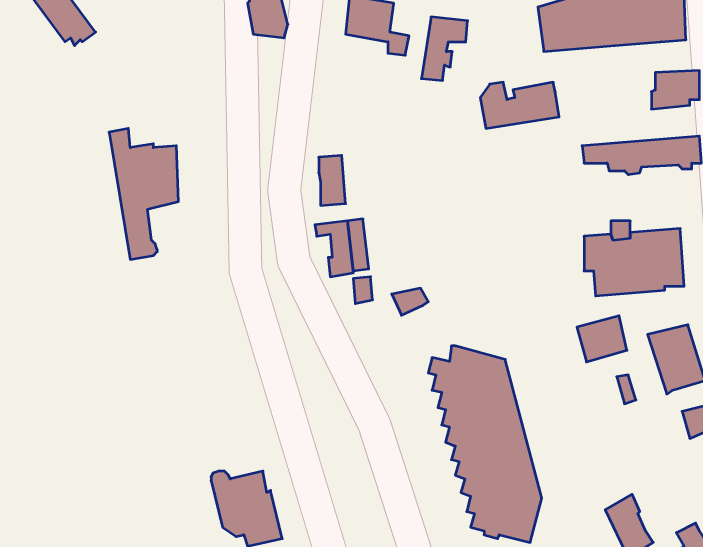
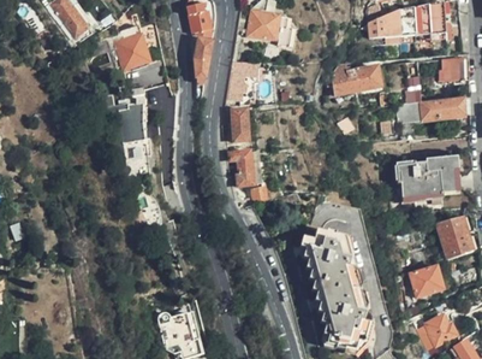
building: [421,17,468,80] -> [225,61,254,101]
building: none -> [115,24,148,69]
building: none -> [191,39,210,83]
building: [577,316,627,362] -> [411,266,442,295]
building: none -> [427,313,457,345]

